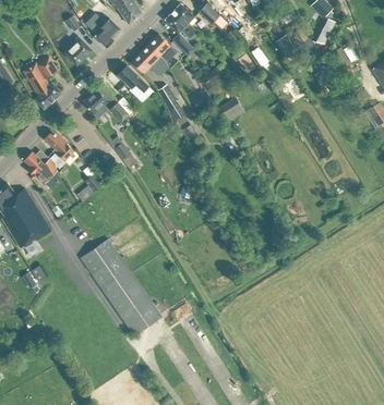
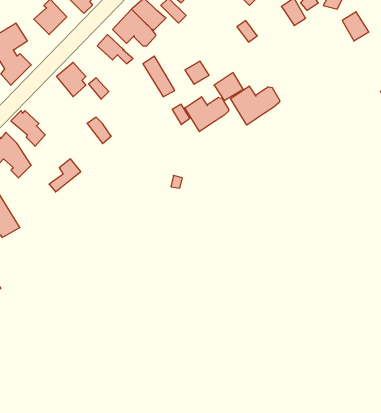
building: none -> [230,86,280,125]
building: none -> [185,97,229,132]
building: [81,238,161,335] -> none

